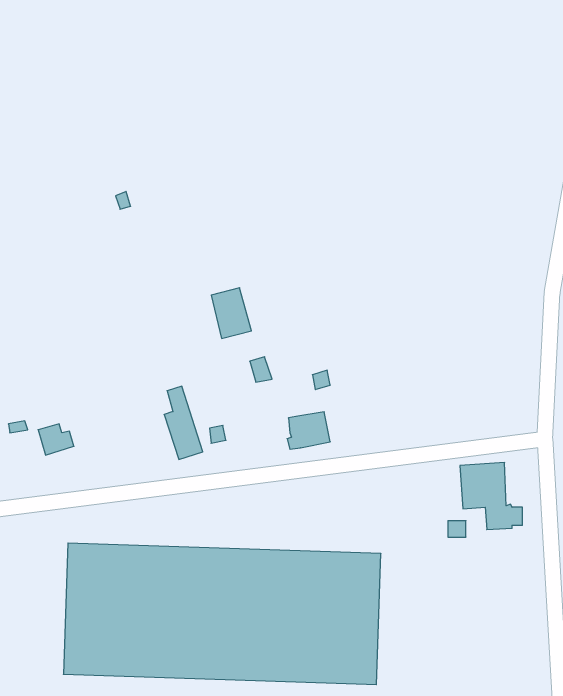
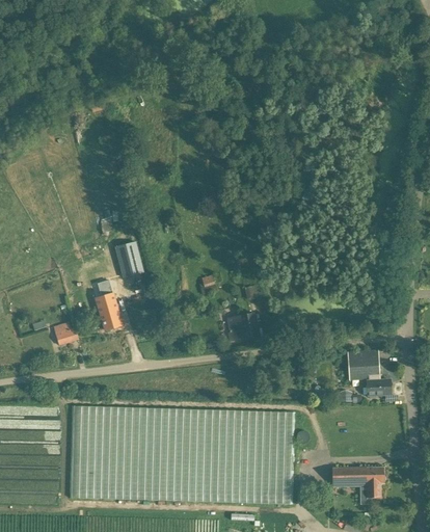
building: [211,288,251,338] -> [116,239,144,274]
building: [164,386,203,459] -> [95,278,122,329]
building: none -> [332,467,383,497]

